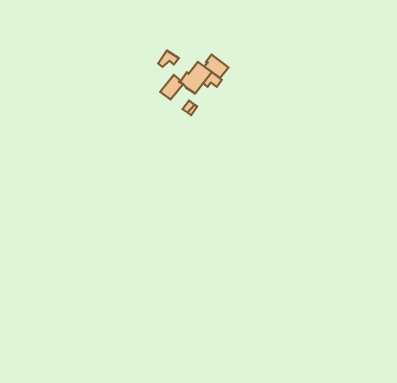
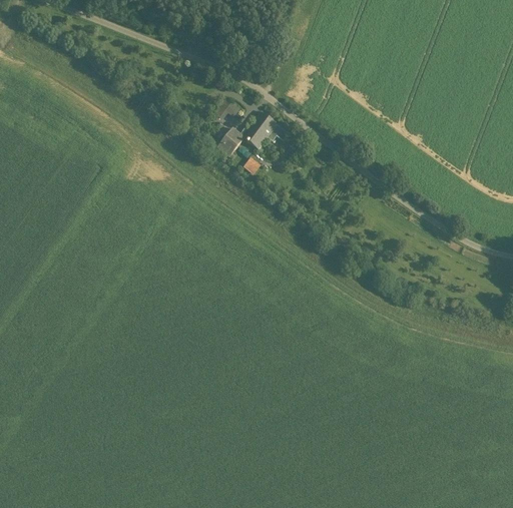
building: [204,54,229,78] -> none

